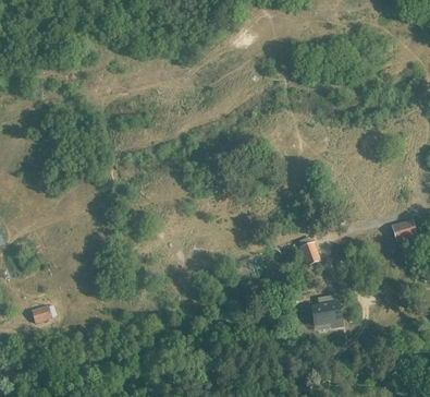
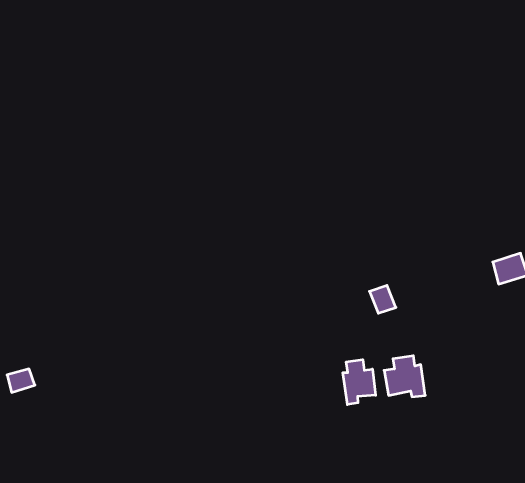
building: none -> [343,360,376,405]

